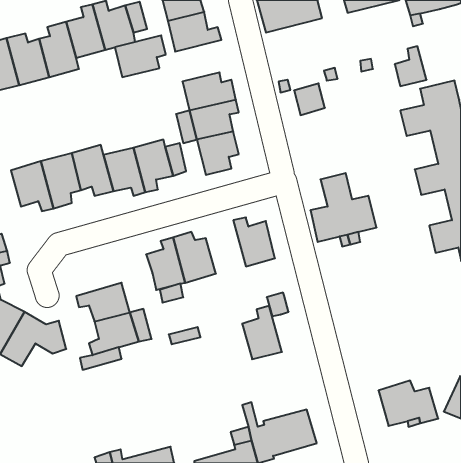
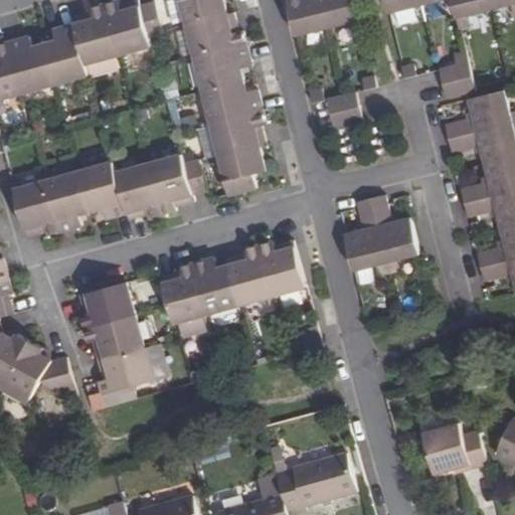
building: [115,35,166,77] -> [194,44,250,91]
building: none -> [80,282,135,329]
building: [242,306,282,359] -> [228,244,273,304]

